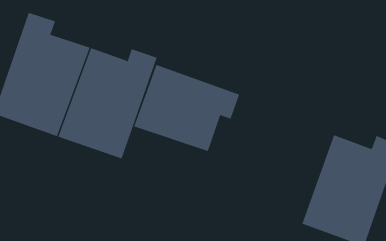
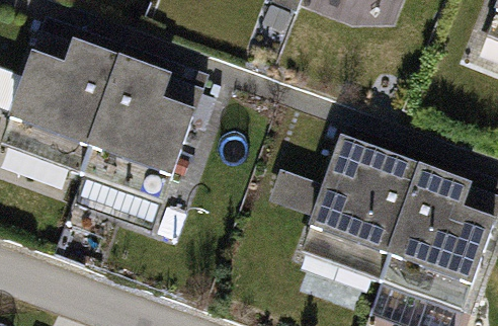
building: [133,64,240,152] -> none
building: none -> [301,127,422,280]

